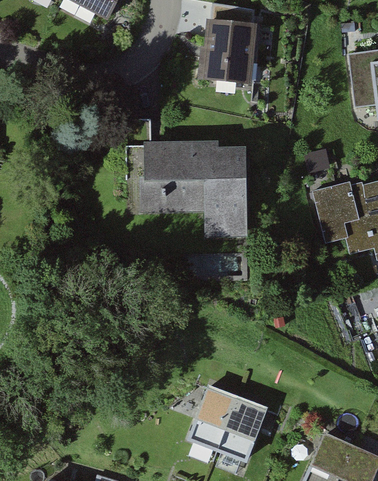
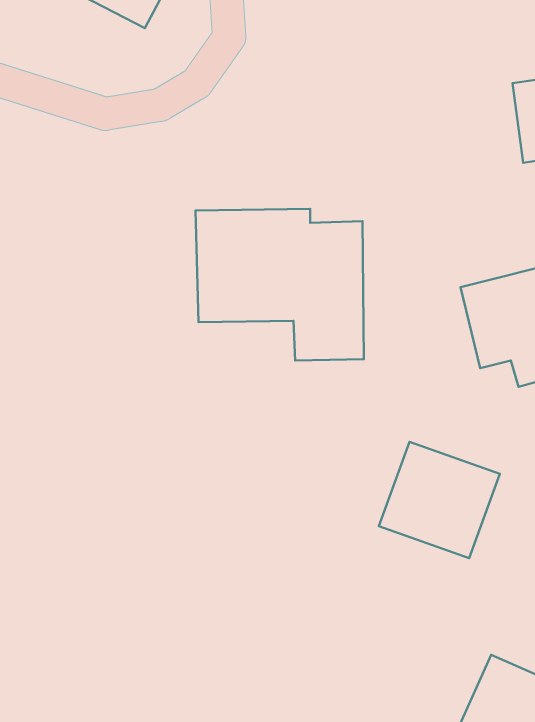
building: [196,16,254,83] -> none
building: [191,384,270,460] -> [379,442,500,558]

